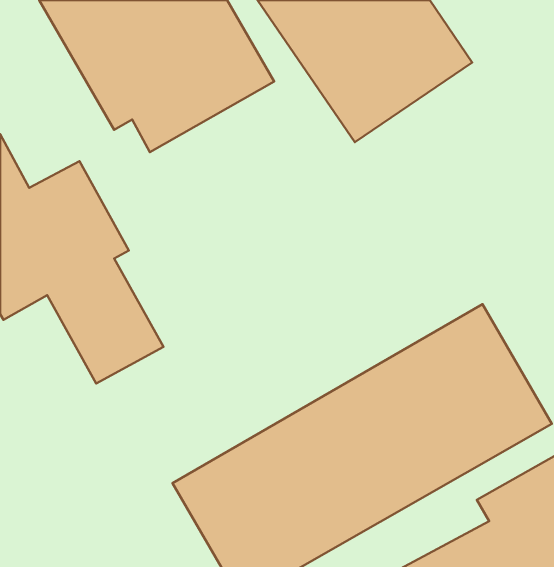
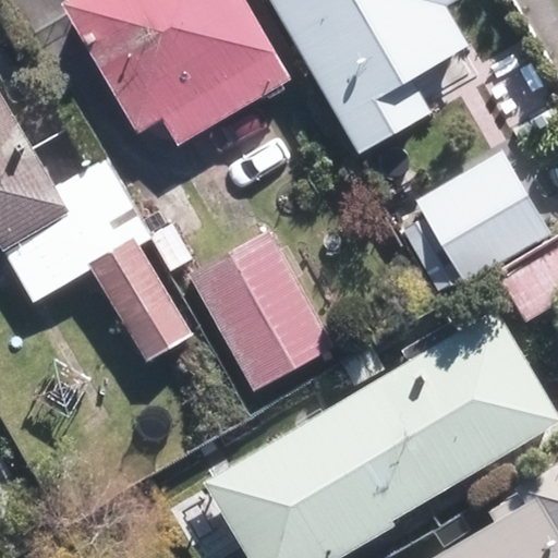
building: none -> [401,149,545,292]
building: none -> [169,225,327,397]

